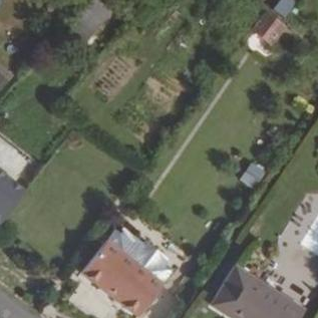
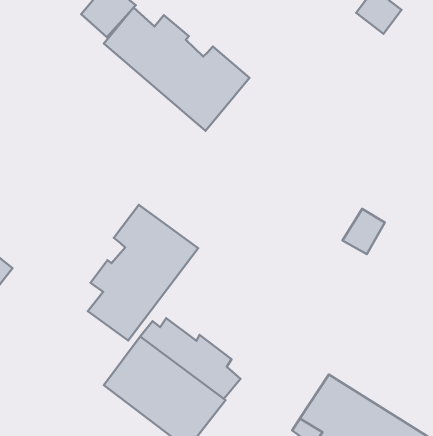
building: none -> [104,8,250,131]
building: none -> [88,205,198,340]

